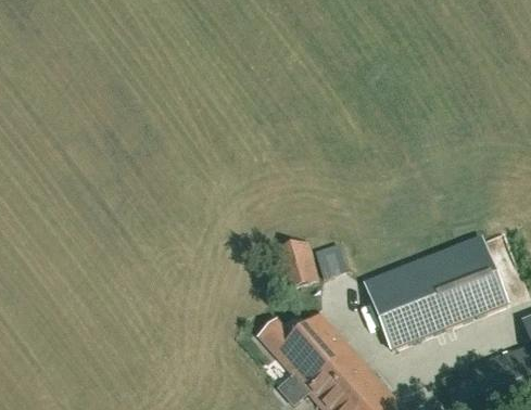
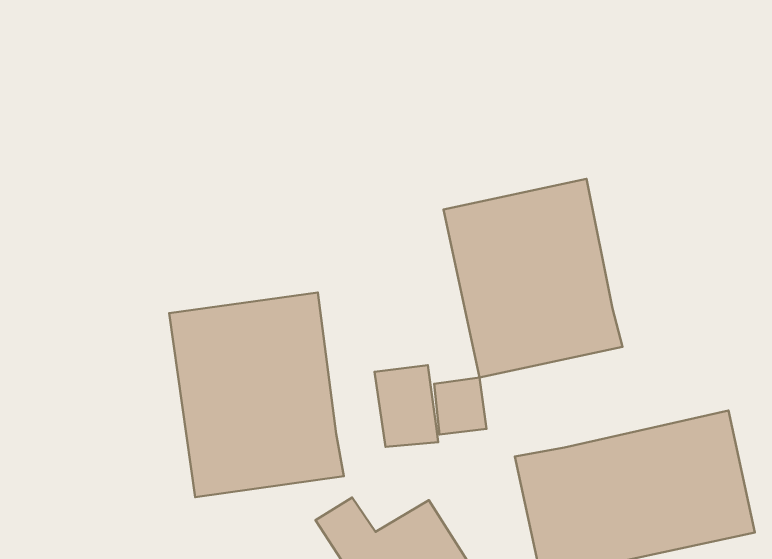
building: none -> [443,179,623,378]
building: none -> [169,292,344,497]

